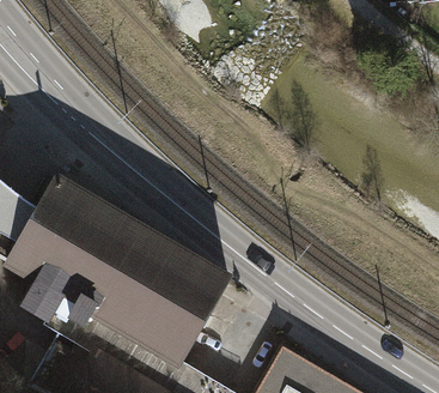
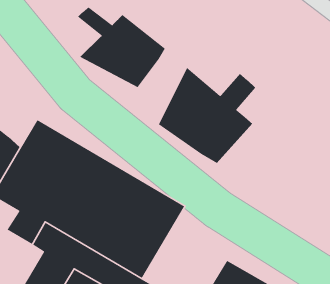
building: none -> [77,7,166,88]
building: none -> [158,67,256,164]

